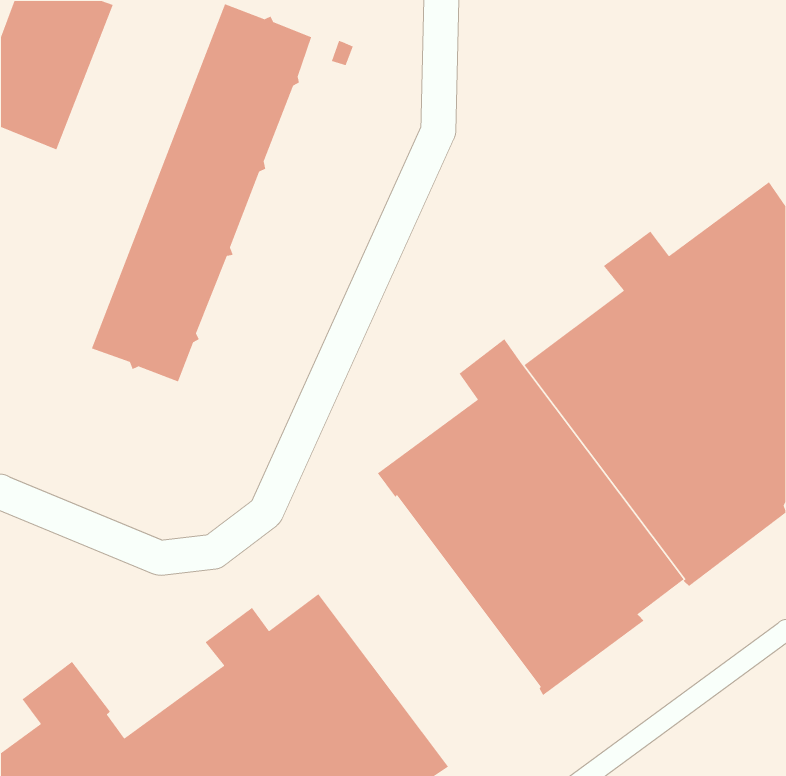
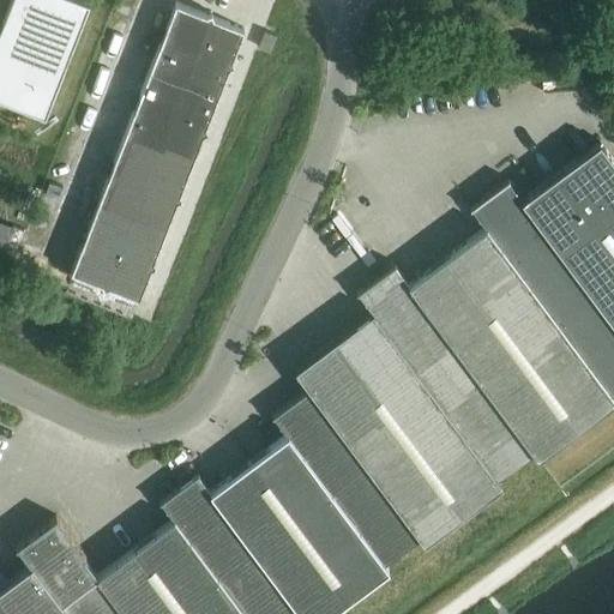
building: none -> [248,396,421,606]

